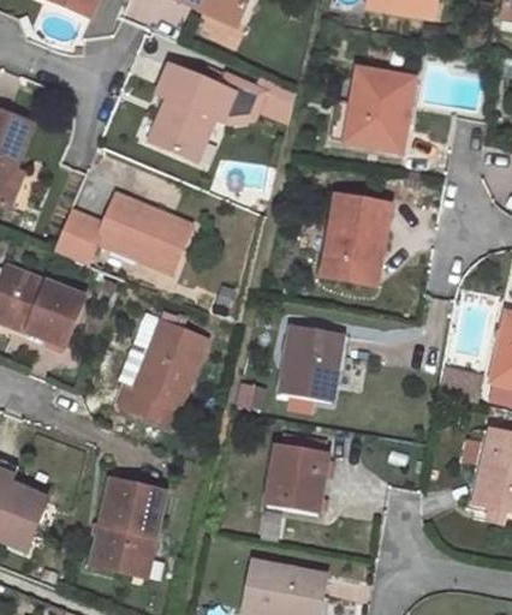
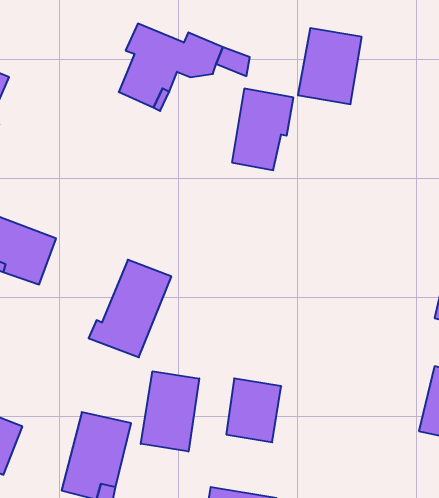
building: [52,192,191,270] -> none
building: [322,197,388,285] -> [232,89,293,170]
building: [280,324,340,401] -> none
building: none -> [141,371,199,452]

